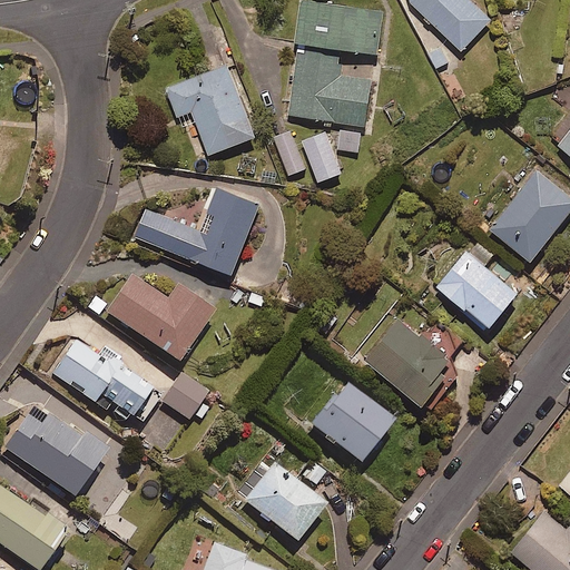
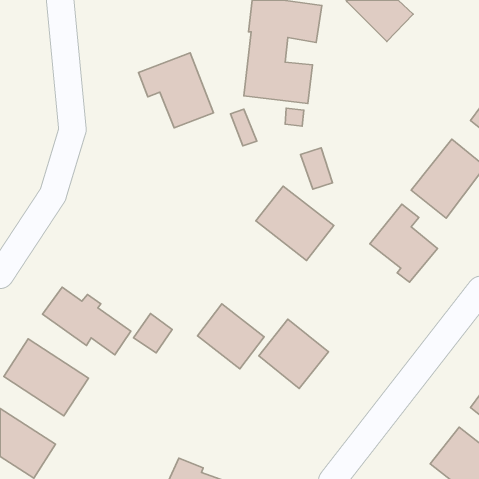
building: [303,131,341,180] -> [301,148,333,189]
building: [136,188,258,273] -> none
building: [105,275,210,361] -> none
building: [361,315,453,403] -> [256,186,334,260]
building: [244,464,323,541] -> [197,304,264,369]

